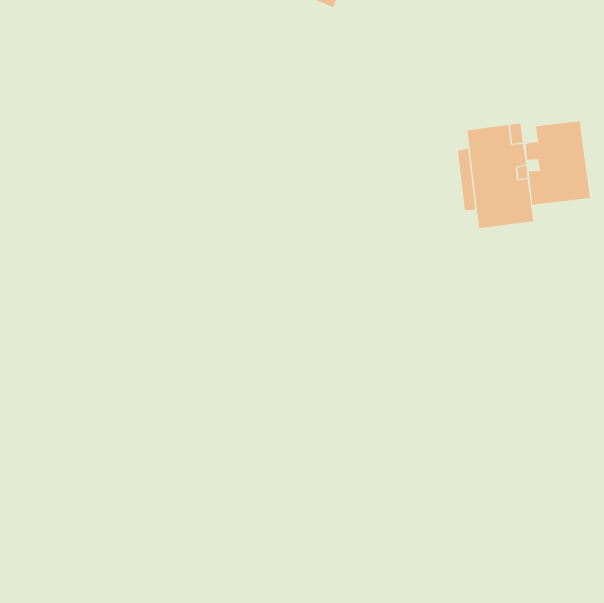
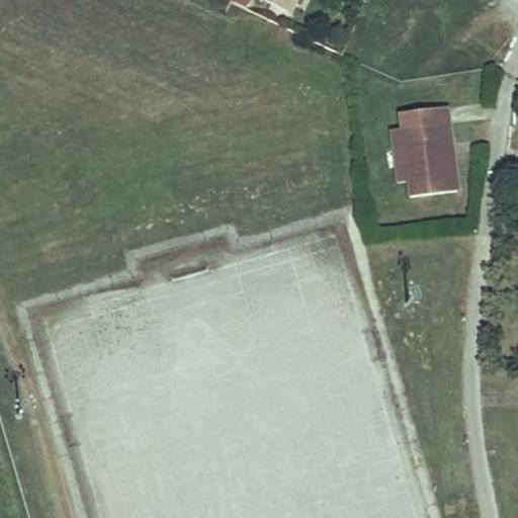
building: [525,121,590,206] -> none

